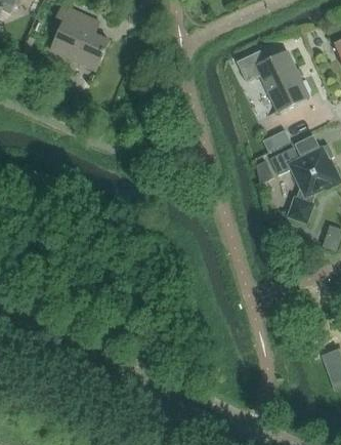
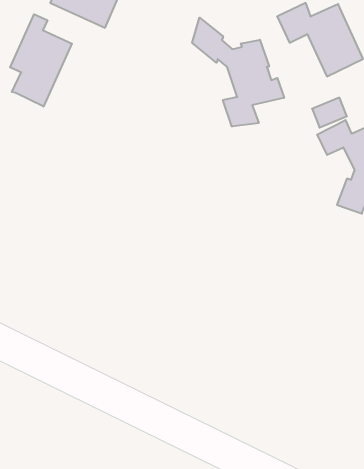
building: none -> [10,14,72,107]
building: none -> [192,18,284,127]

